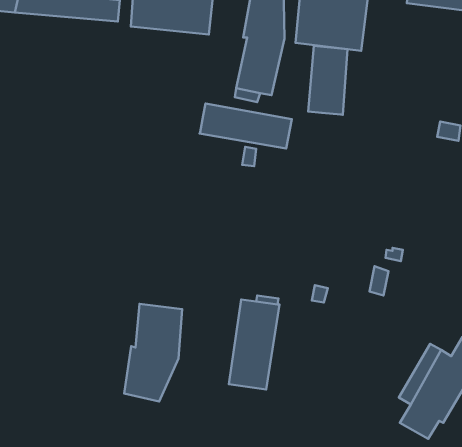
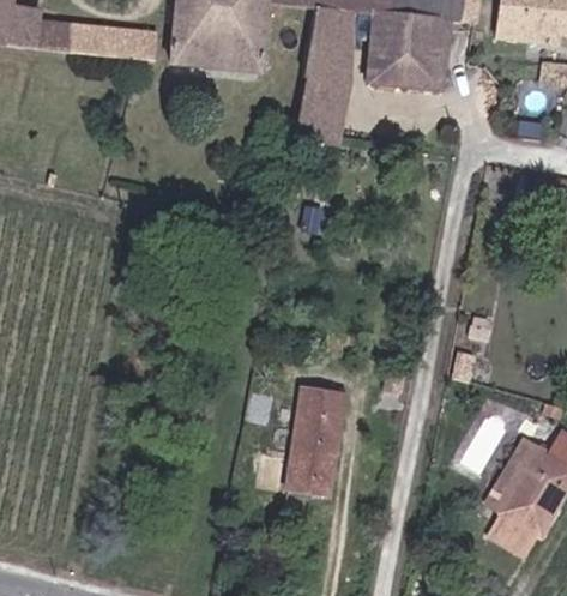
building: [308,46,348,115] -> none
building: [199,104,292,149] -> none
building: [124,304,182,402] -> none

